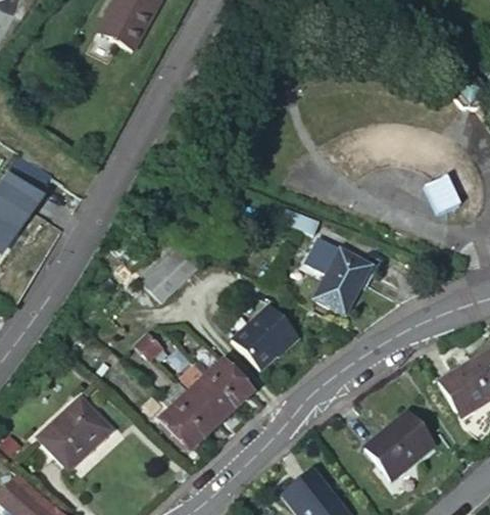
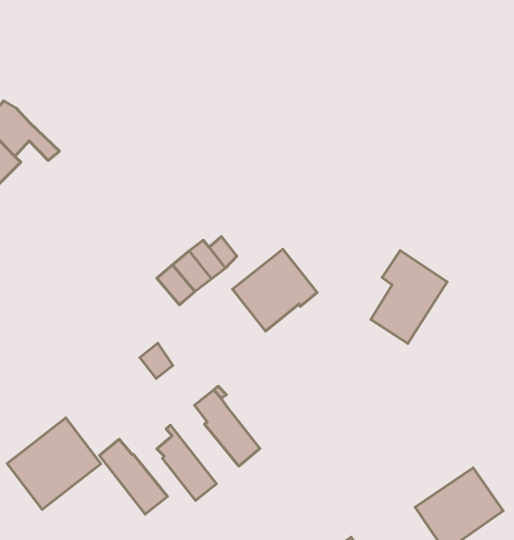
building: [234,305,300,370] -> [233,249,317,331]
building: [208,362,253,408] -> none
building: [165,381,222,438] -> [99,439,168,514]

